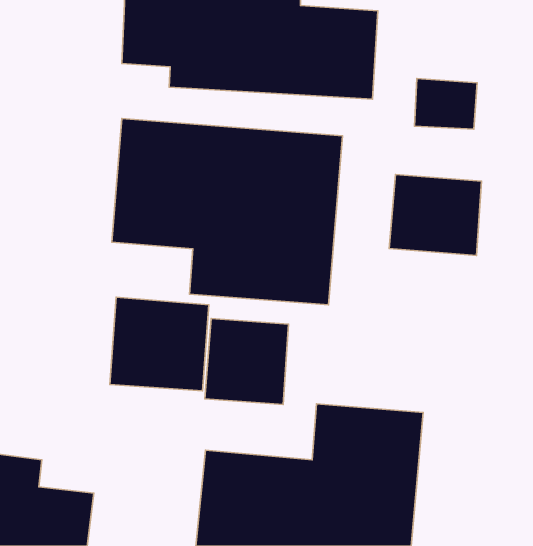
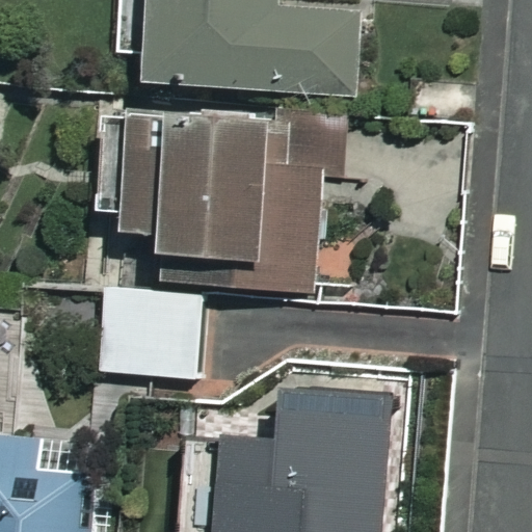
building: [389,174,482,255] -> none
building: [205,318,288,405] -> none

